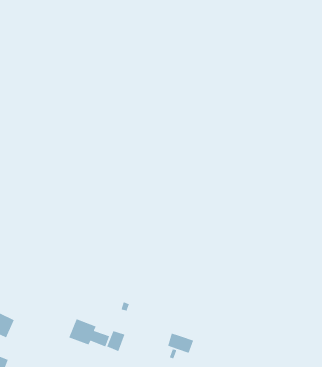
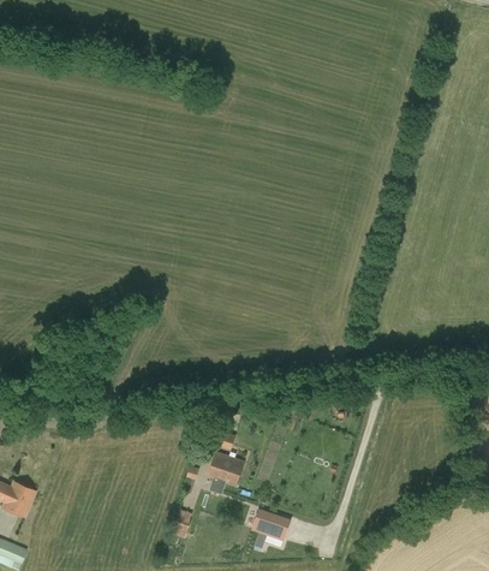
building: none -> [208,452,244,494]
building: [68,318,110,348] -> none

